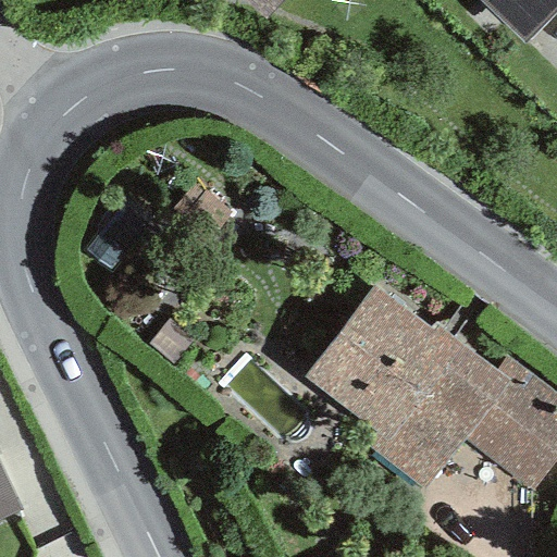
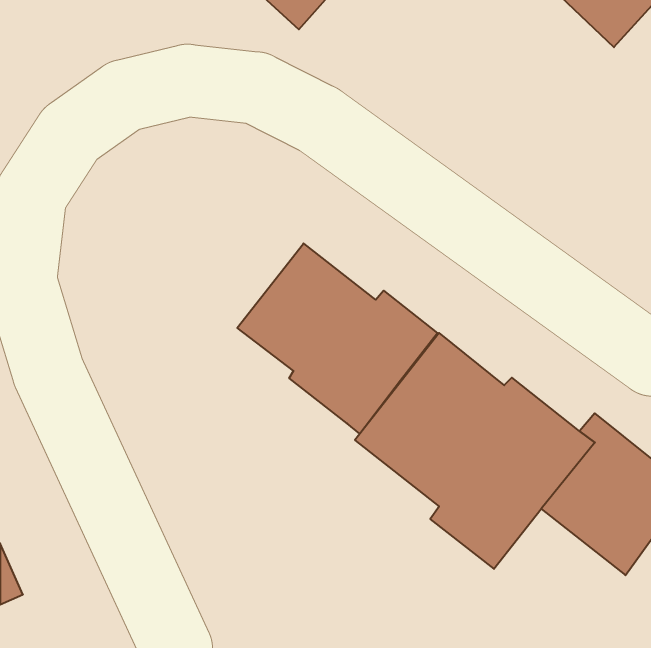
building: none -> [237,243,437,434]

